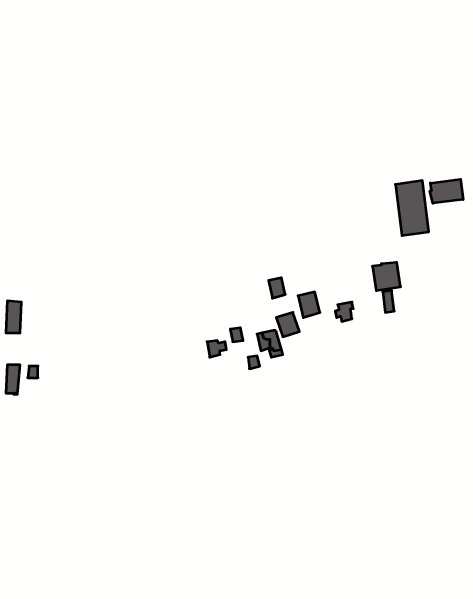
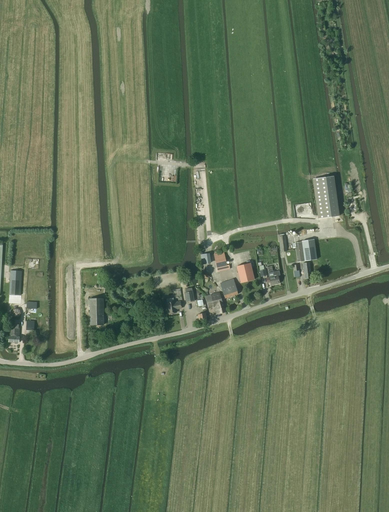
building: [430,179,463,203] -> none
building: none -> [89,297,103,324]

